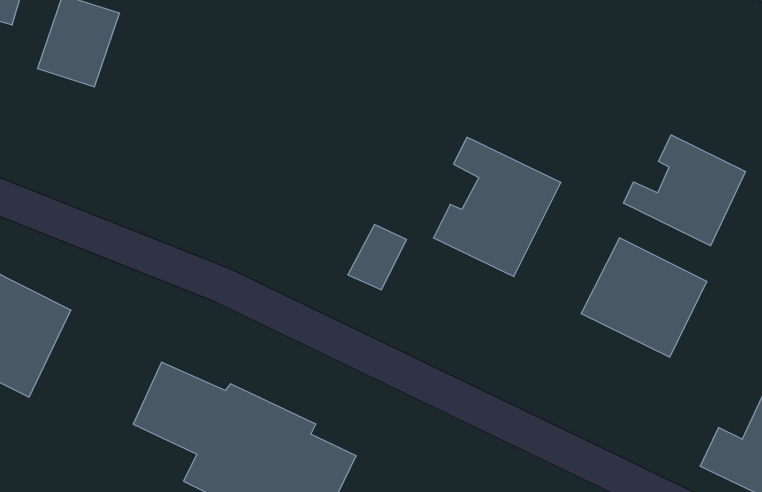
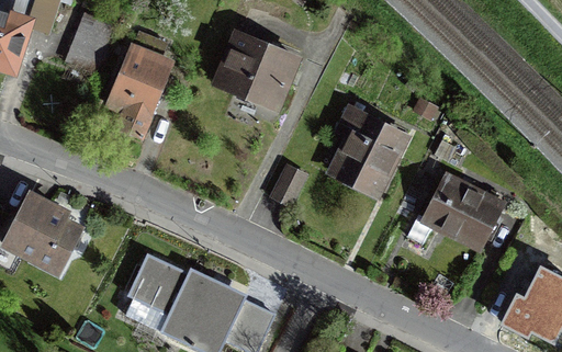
building: none -> [106,29,173,138]
building: none -> [212,31,302,115]
building: [624,135,745,246] -> none

